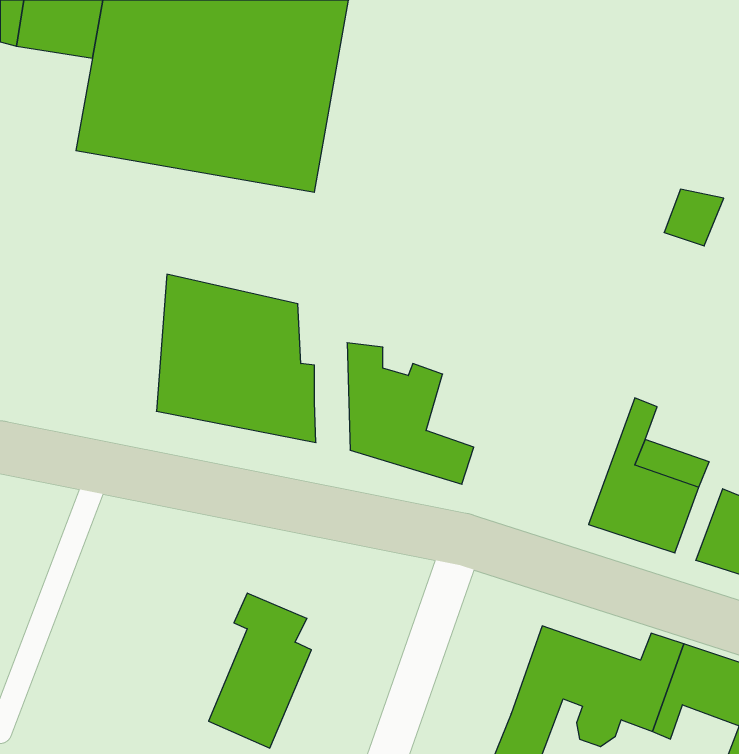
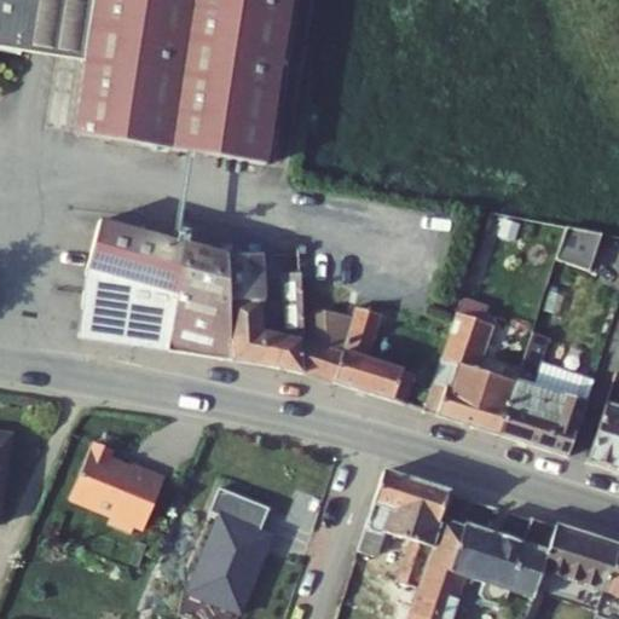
building: [664,189,724,246] -> [561,222,609,268]
building: none -> [77,210,154,340]
building: none -> [273,277,302,371]
building: none -> [422,308,514,432]
building: none -> [70,440,164,532]
building: none -> [375,473,467,585]

